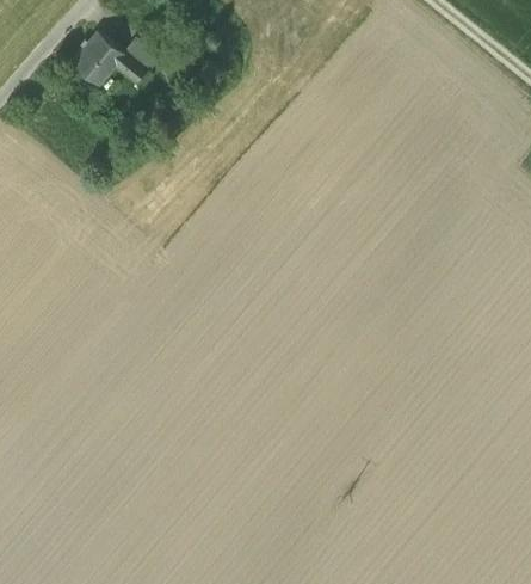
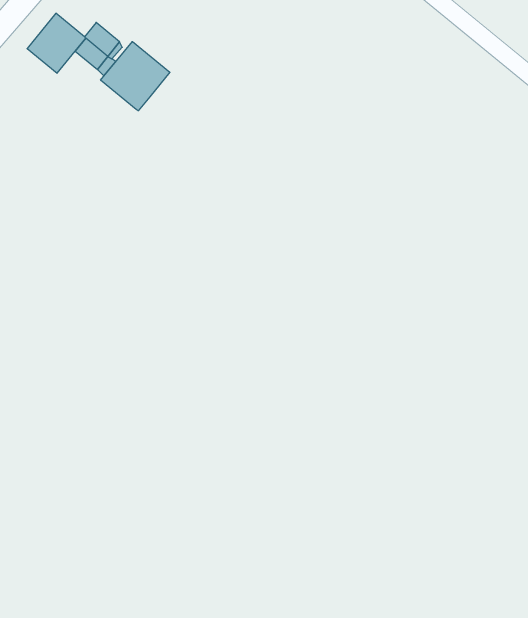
building: none -> [101,42,170,111]

